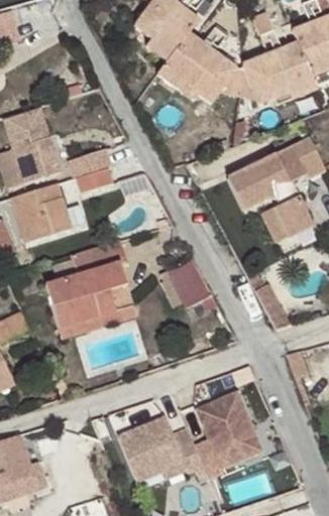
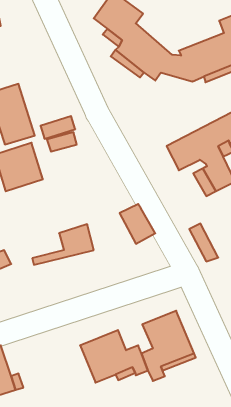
building: [48,236,129,324] -> none

